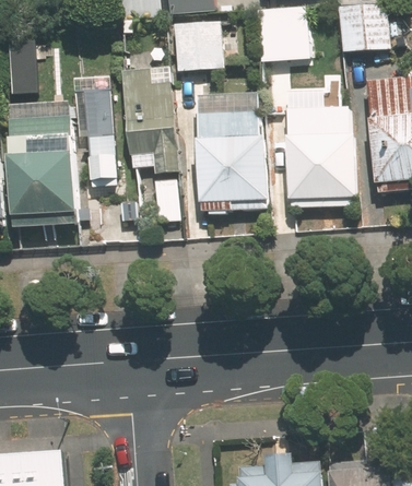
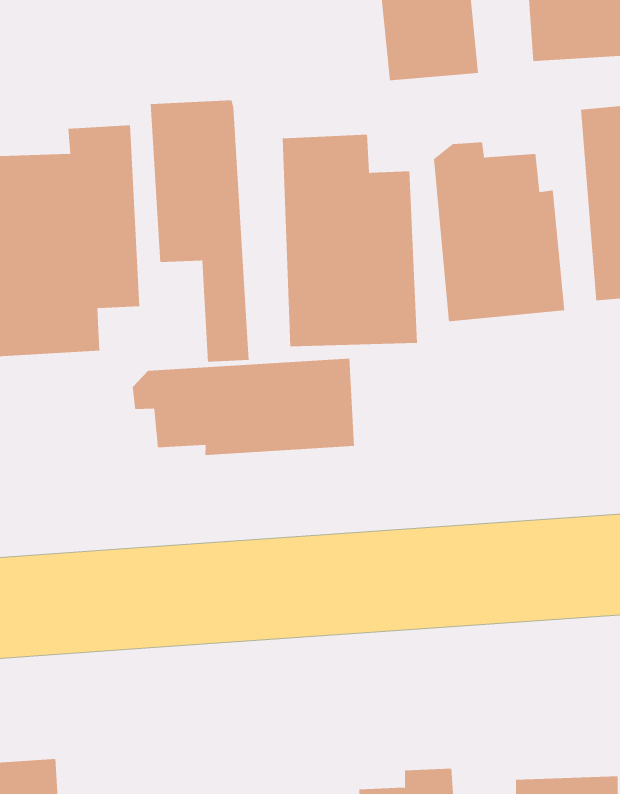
building: [173,23,219,70] -> none
building: none -> [132,358,355,456]

